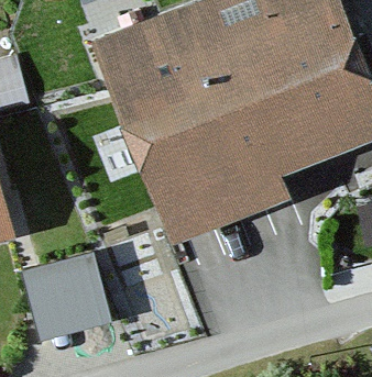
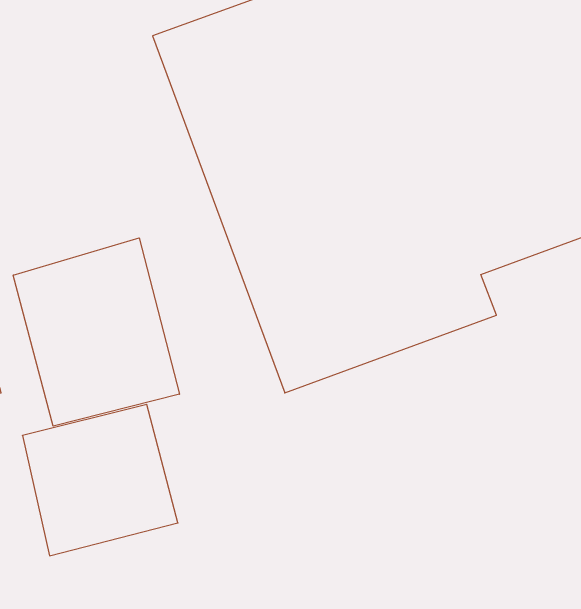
building: none -> [13,238,179,426]

